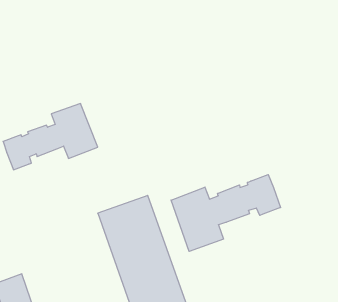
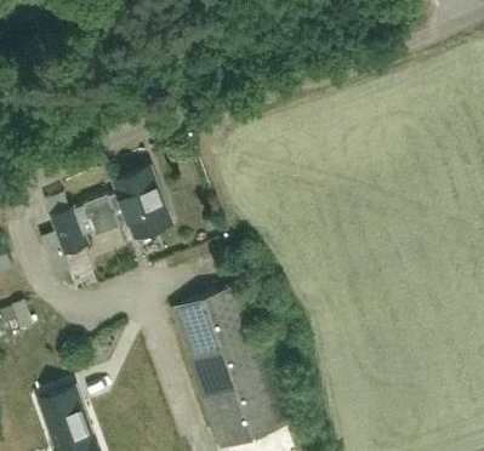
building: [171,175,281,251] -> none

